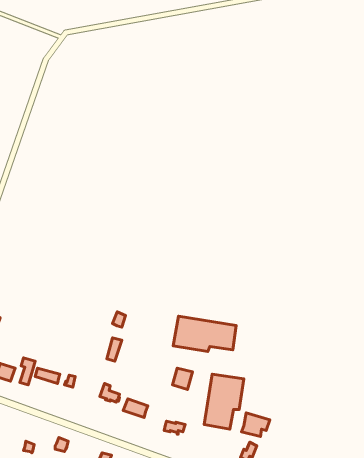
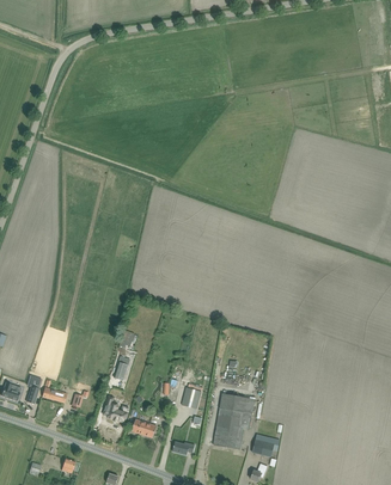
building: [173,316,236,352] -> none

